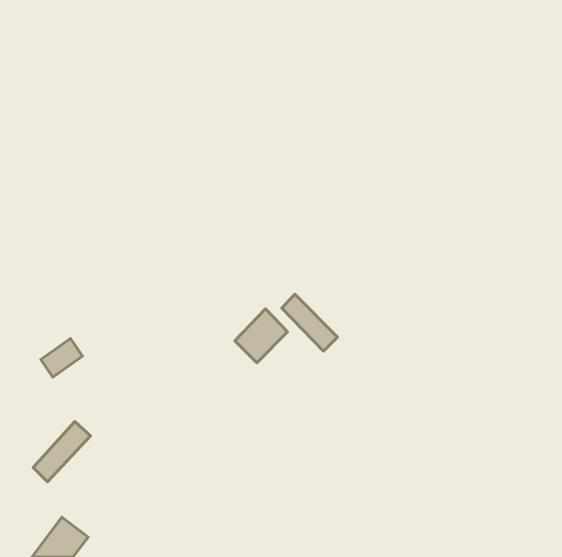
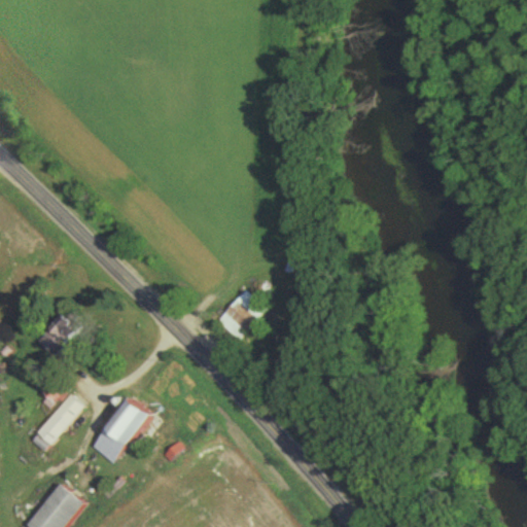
building: [282,294,337,351] -> none
building: none -> [93,396,149,462]

